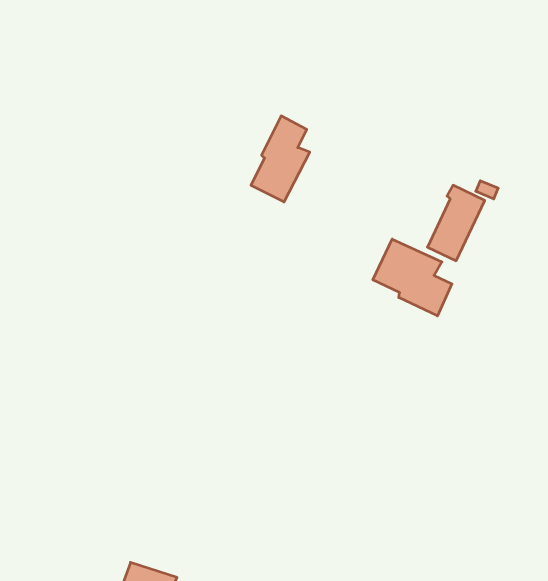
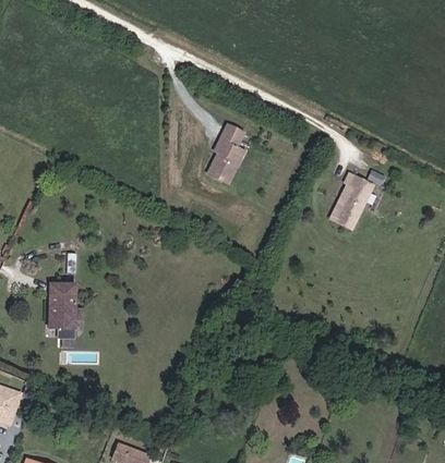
building: [373,239,452,316] -> none
building: none -> [49,285,76,331]

